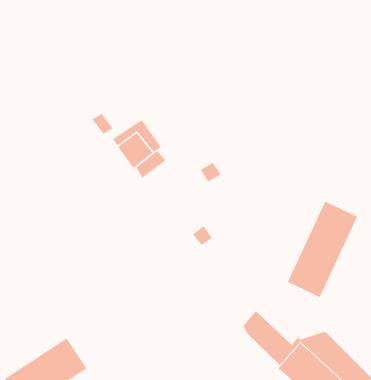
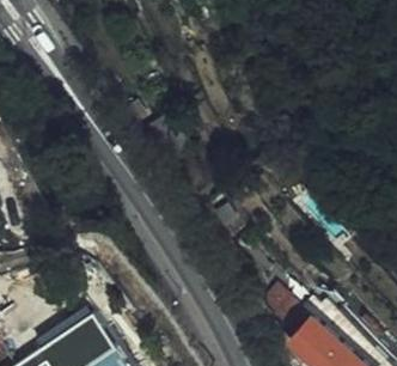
building: [287,201,358,298] -> none

